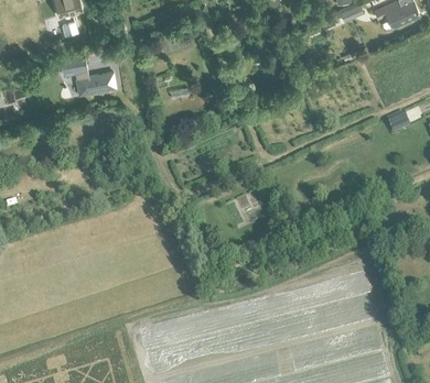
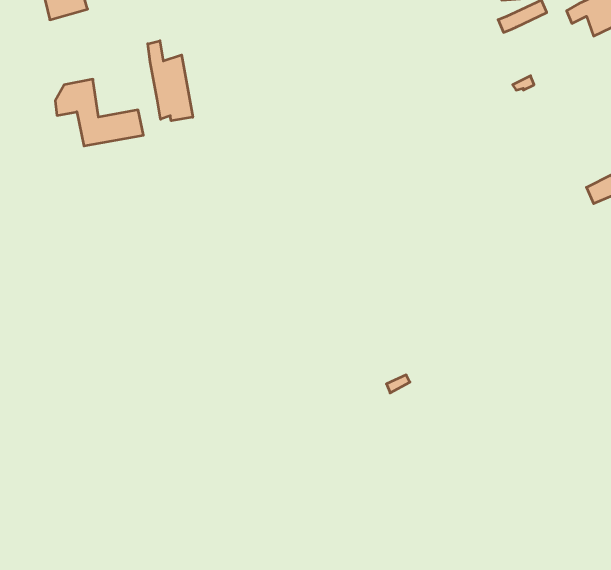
building: none -> [148,41,193,121]

